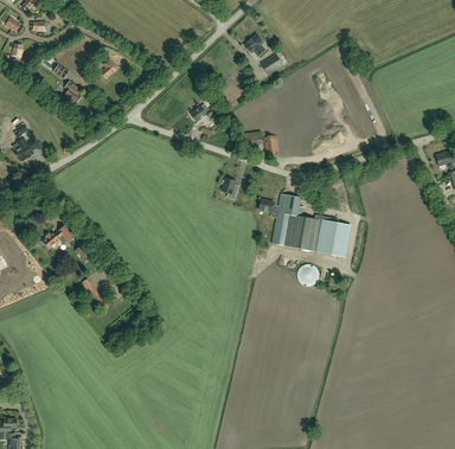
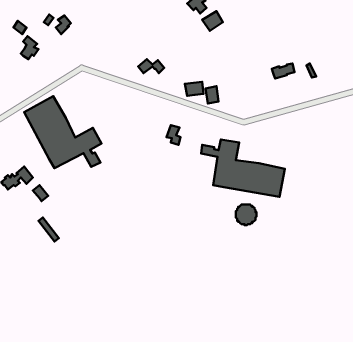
building: none -> [24,96,101,168]

